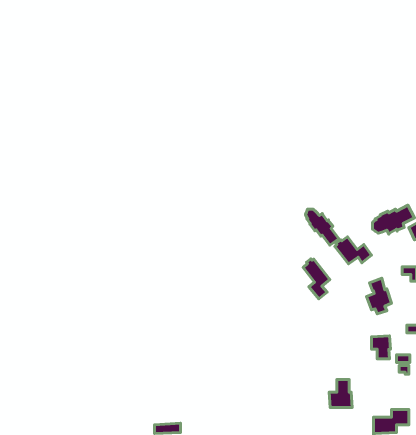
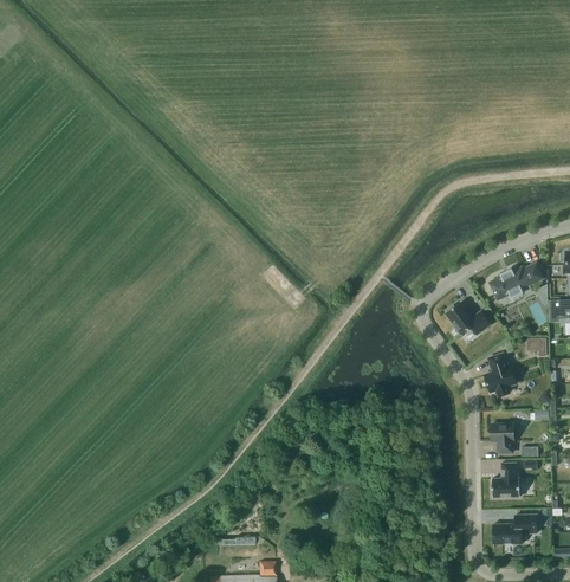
building: [306,209,339,245] -> none
building: [303,259,330,299] -> none
building: [329,380,352,407] -> [491,463,519,497]

